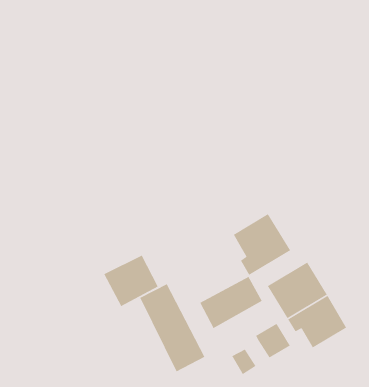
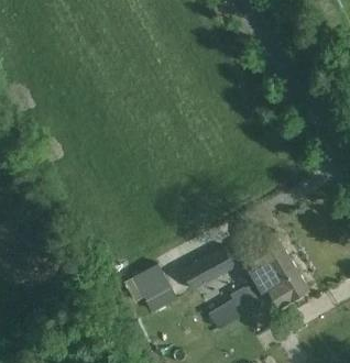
building: [233,213,291,276] -> none
building: [103,255,159,307] -> none

